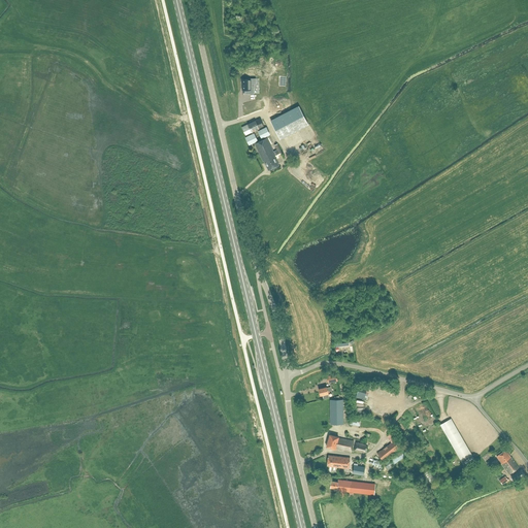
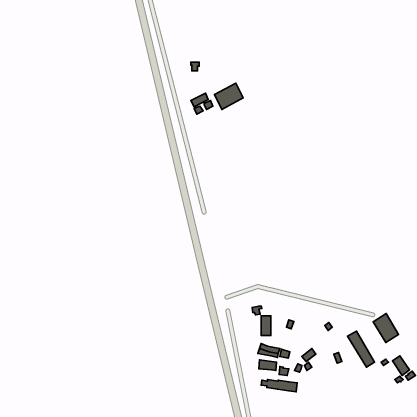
building: [255,138,282,170] -> none
building: none -> [373,314,398,343]

